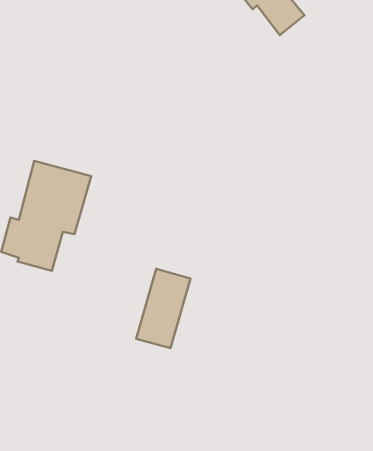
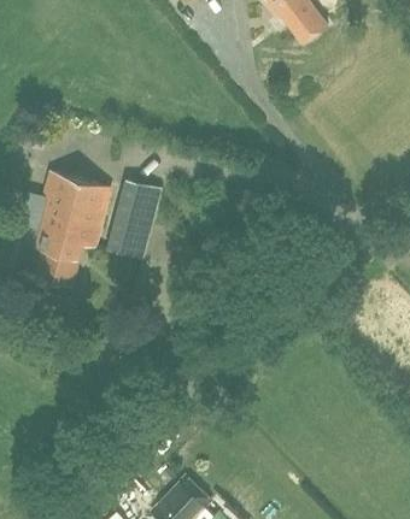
building: [136,269,191,348] -> [106,179,162,260]

